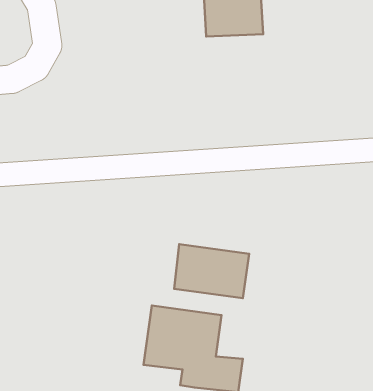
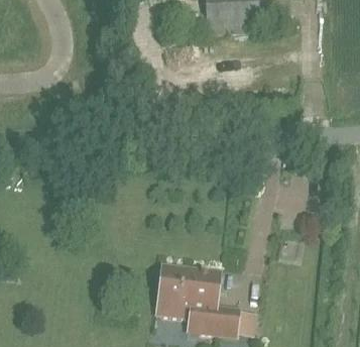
building: [174,244,249,298] -> none

